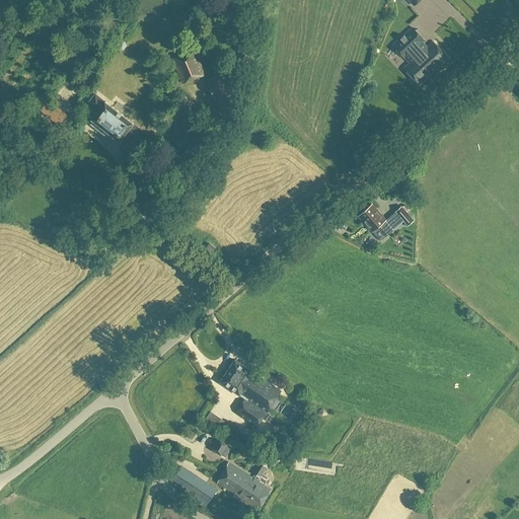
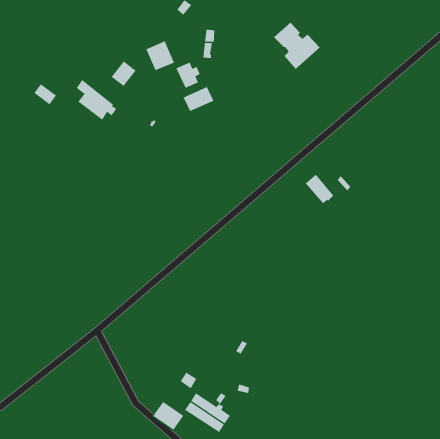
building: [392,28,448,85] -> [273,22,321,70]
building: none -> [111,61,137,87]
building: none -> [183,86,214,112]
building: [220,361,281,428] -> none

